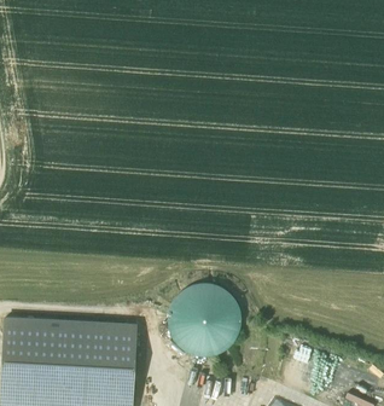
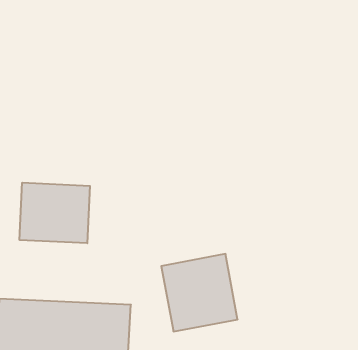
building: none -> [20,183,90,243]

